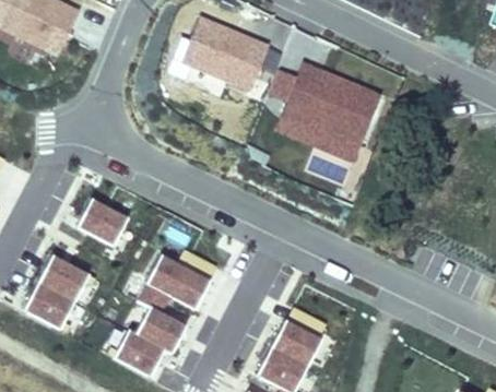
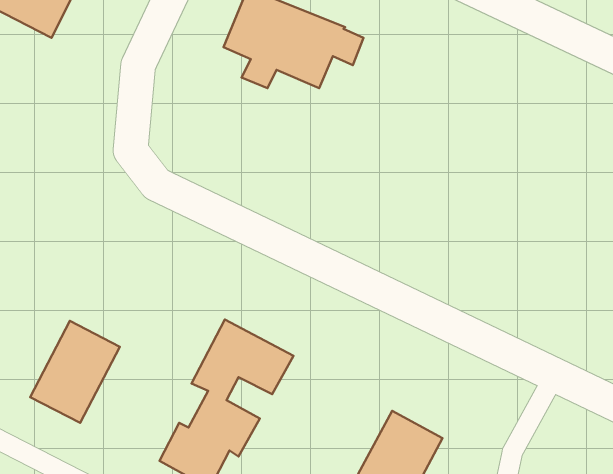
building: [260,59,366,158] -> none
building: [81,198,131,245] -> none

